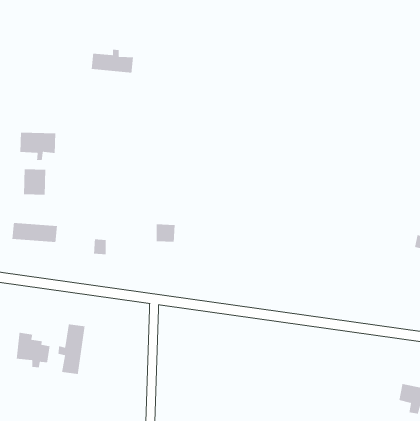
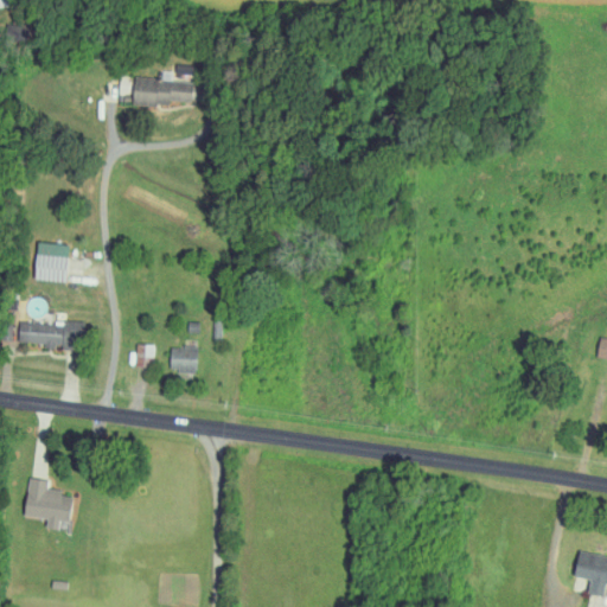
building: [20,132,56,161] -> none
building: [156,224,175,243] -> [171,346,199,373]
building: [57,323,85,375] -> none

